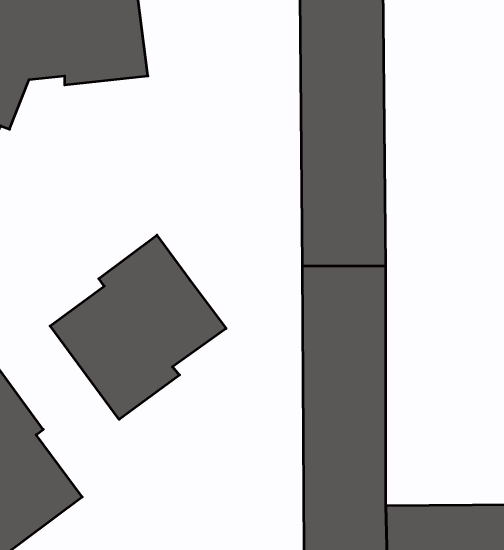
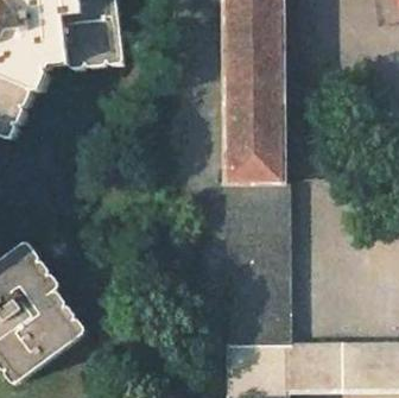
building: [50,235,226,419] -> none

